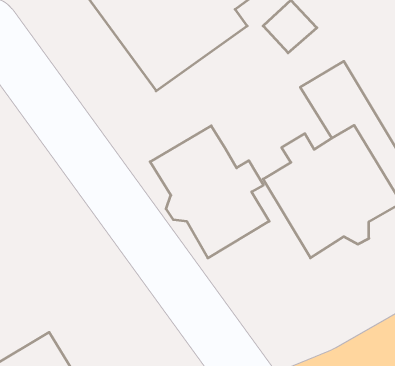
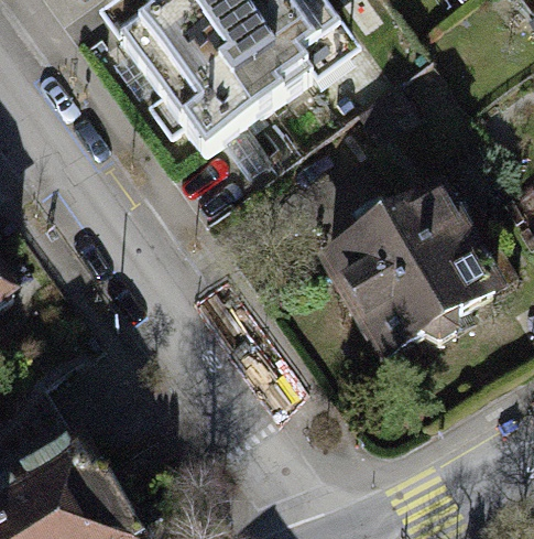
building: [150,126,269,258] -> none

